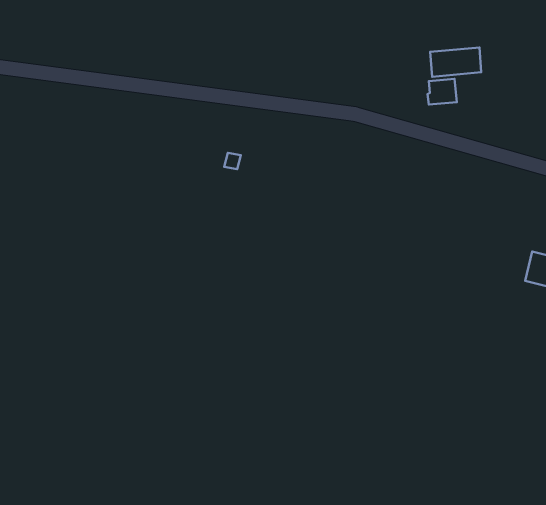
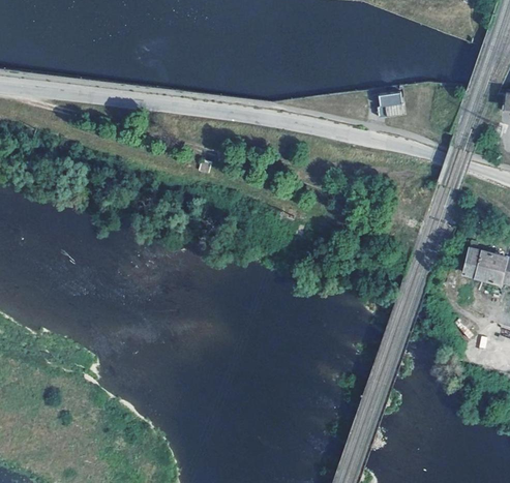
building: [430,47,481,77] -> none

